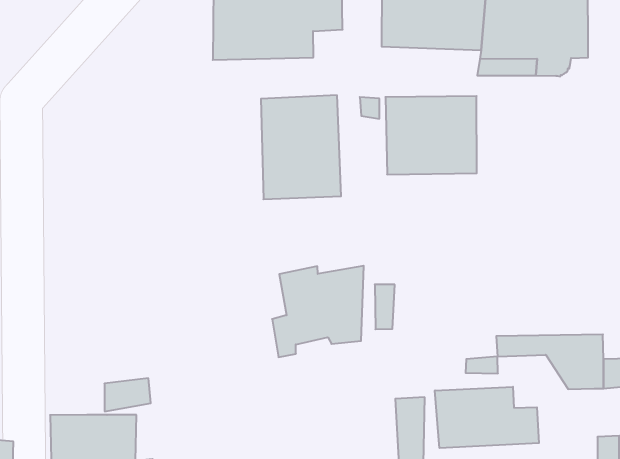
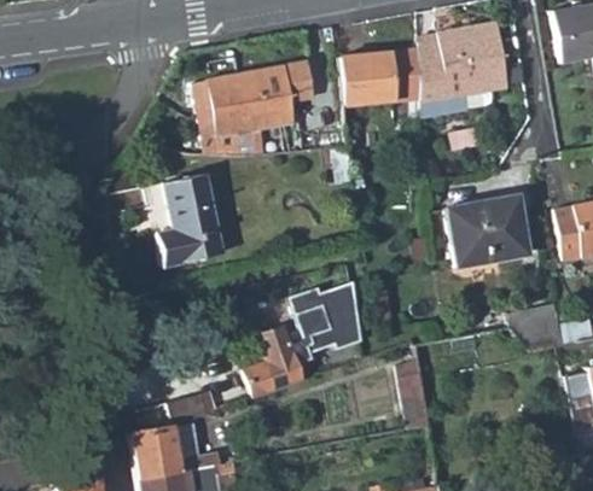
building: [261,95,341,199] -> [146,177,221,268]
building: [385,96,477,174] -> [446,195,527,268]
building: none -> [250,322,307,393]
building: [435,387,539,448] -> none

